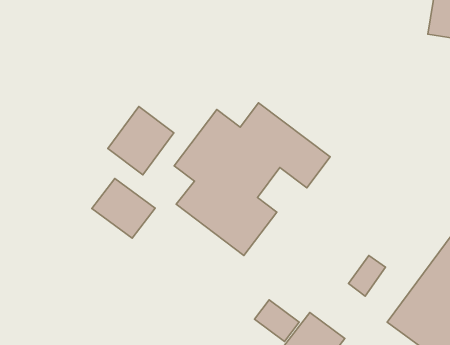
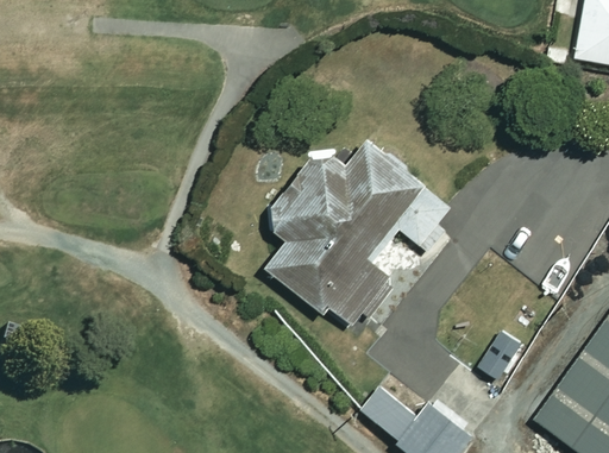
building: [108,107,174,175] -> none
building: [92,178,155,238] -> none

